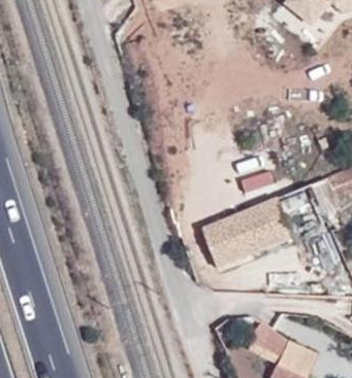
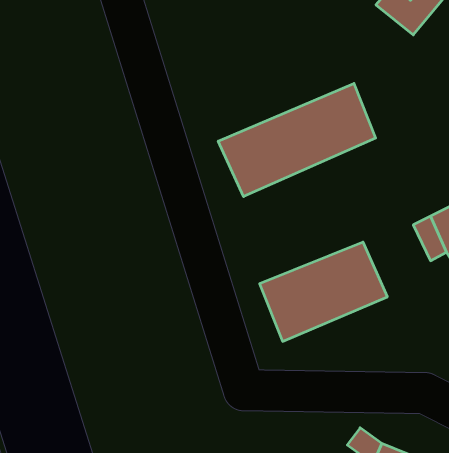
building: none -> [218,83,376,197]

